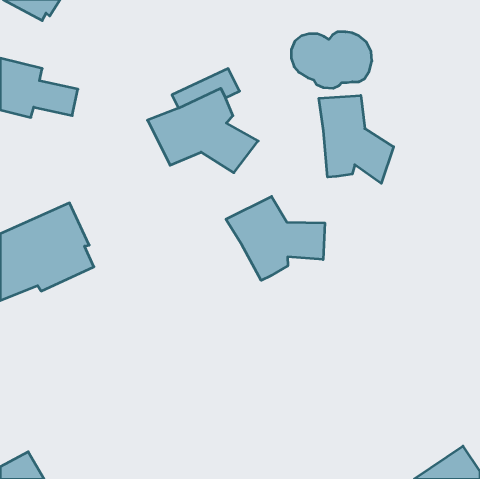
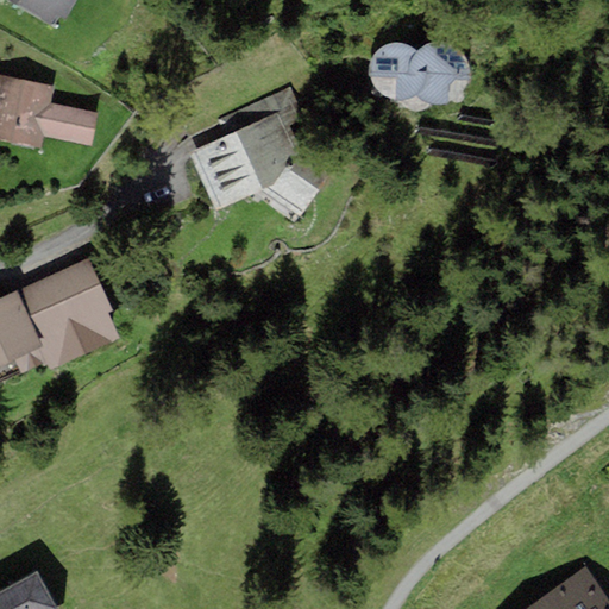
building: [319,95,394,183] -> none
building: [226,196,325,280] -> none

